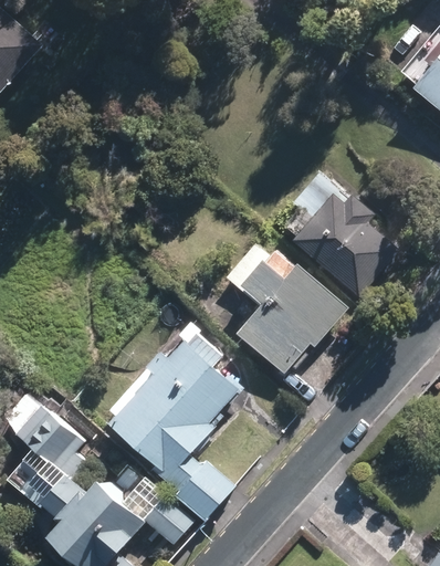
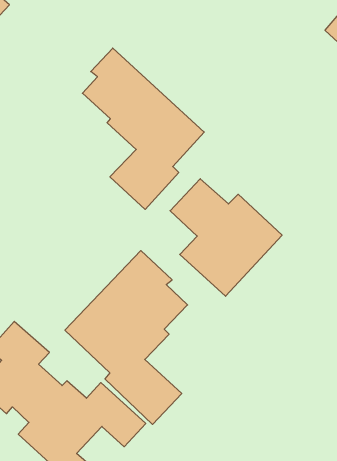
building: none -> [82,48,204,209]
building: [279,172,400,300] -> none

